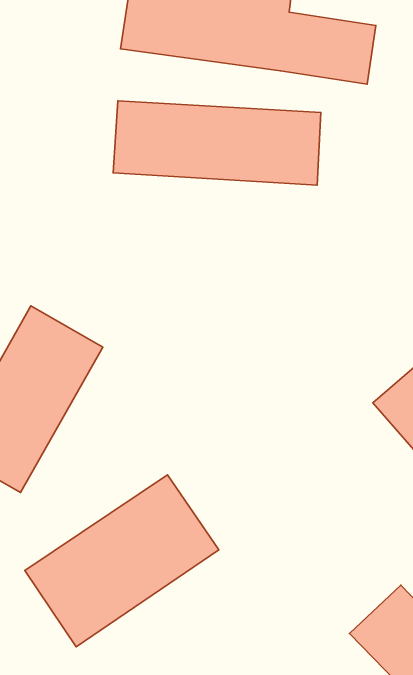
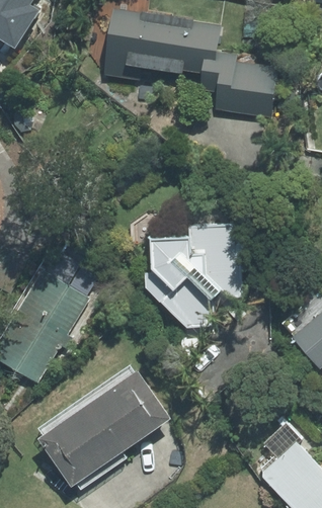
building: [113,101,321,185] -> none
building: none -> [150,206,242,330]

